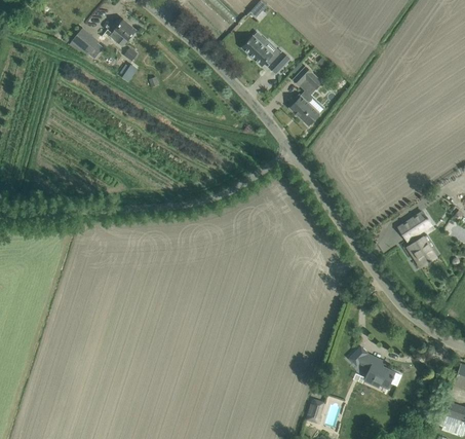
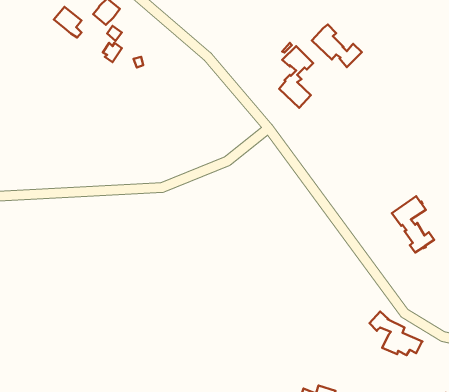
building: [241,32,289,73] -> [312,25,362,67]
building: [349,345,400,388] -> [369,312,423,355]

